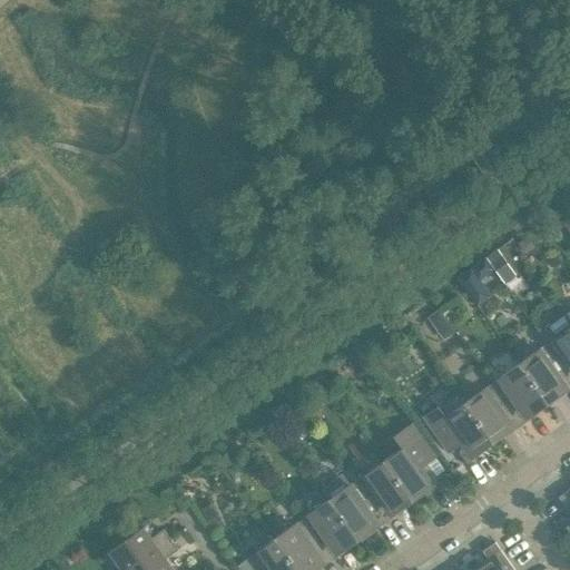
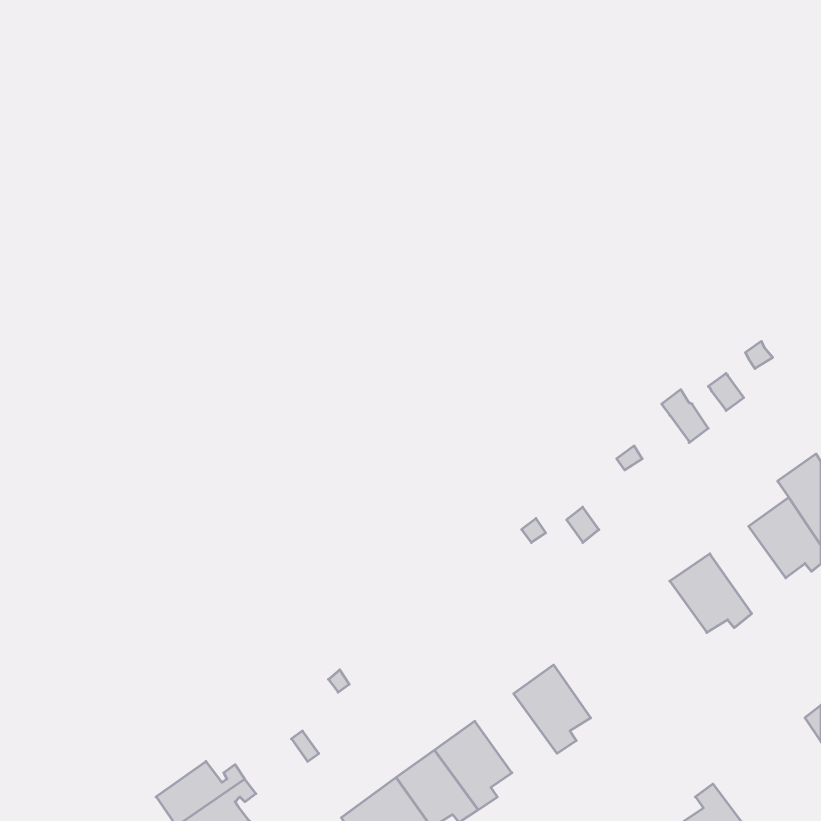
building: [491,365,543,425] -> none
building: [423,394,489,464] -> none
building: [383,424,440,498] -> none
building: [327,475,385,535] -> none

